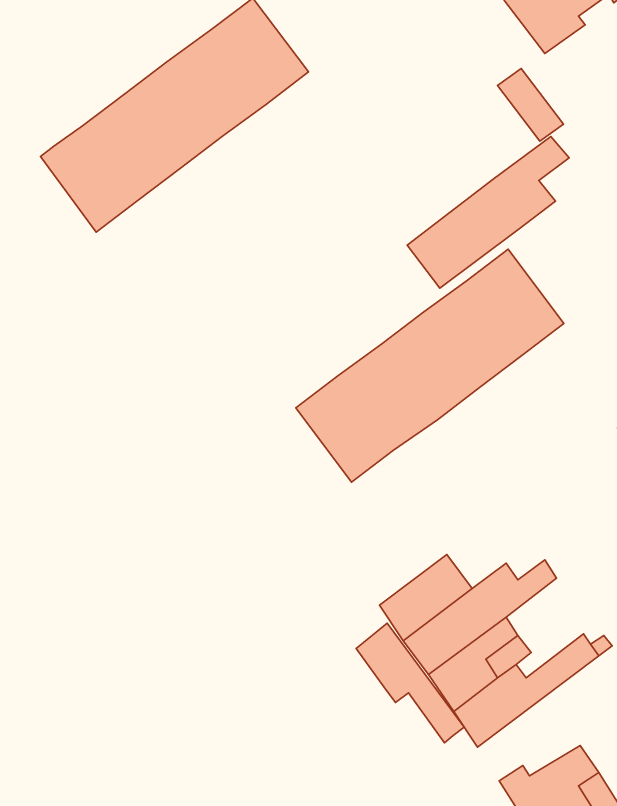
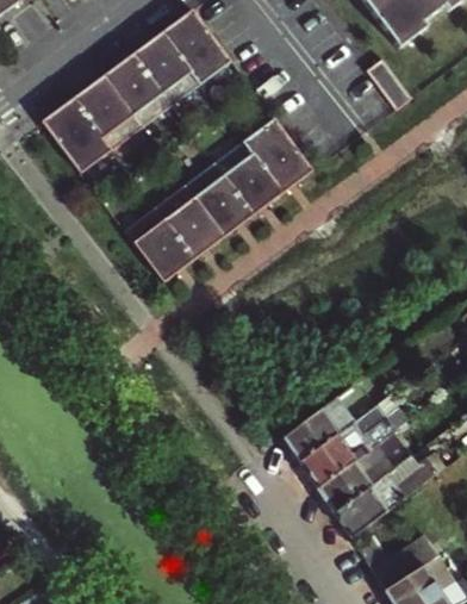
building: [407,137,569,288] -> none
building: [296,249,564,482] -> [125,117,315,281]
building: [356,623,464,743] -> none

